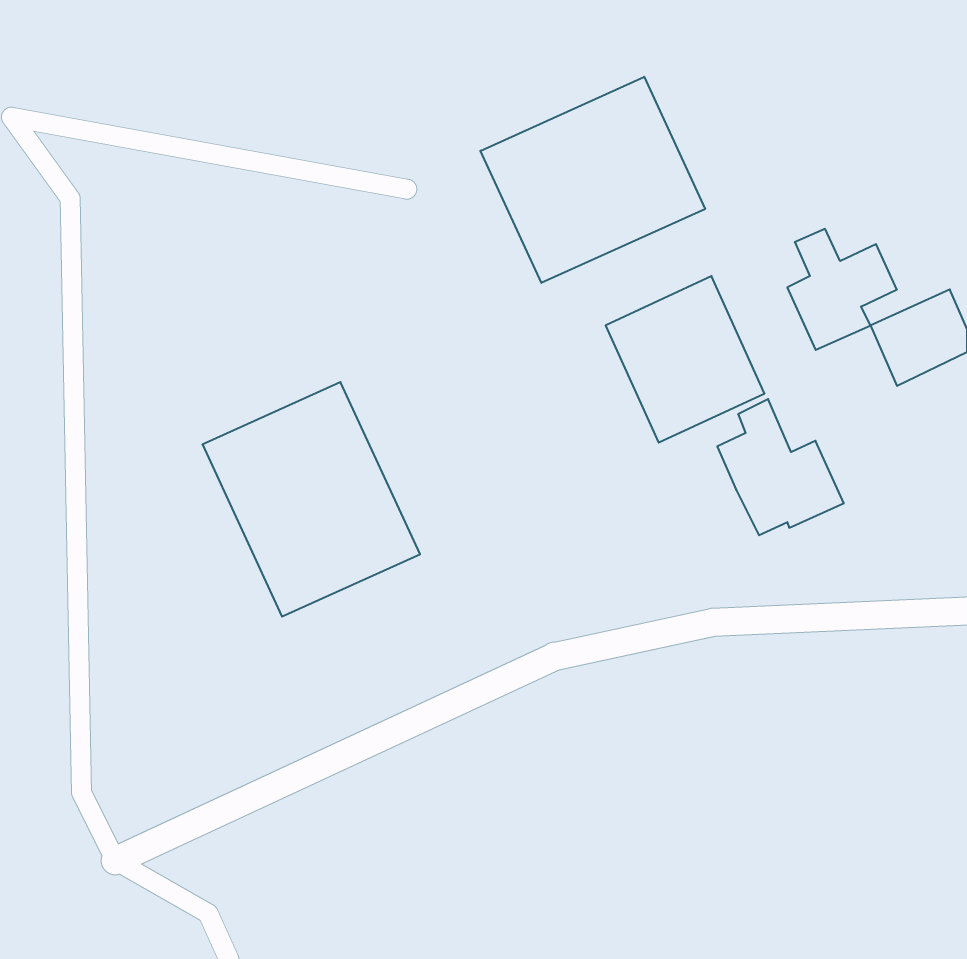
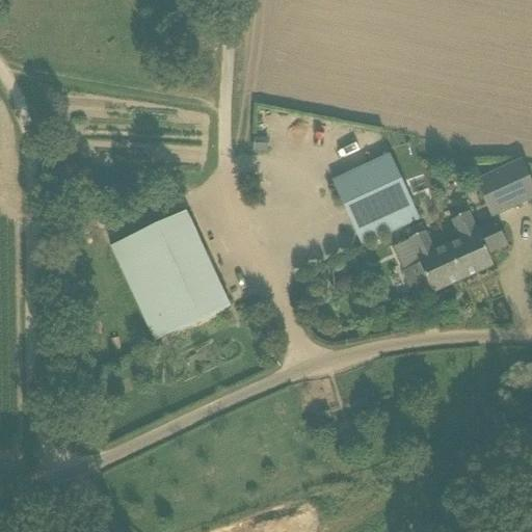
building: [480,77,705,283] -> none
building: [787,229,897,350] -> [448,210,508,276]

